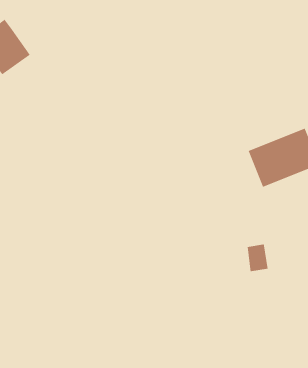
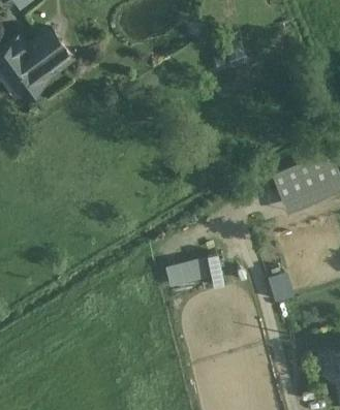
building: none -> [26,32,71,80]
building: none -> [166,258,212,288]

